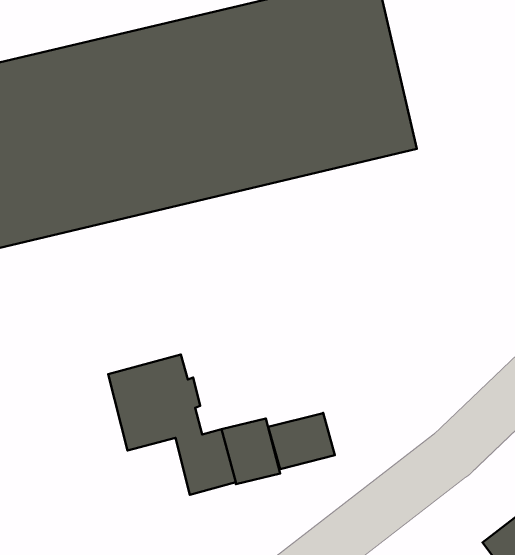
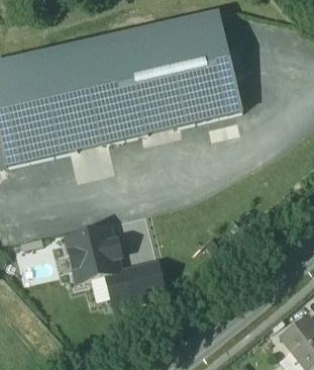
building: [268,413,335,469] -> none

